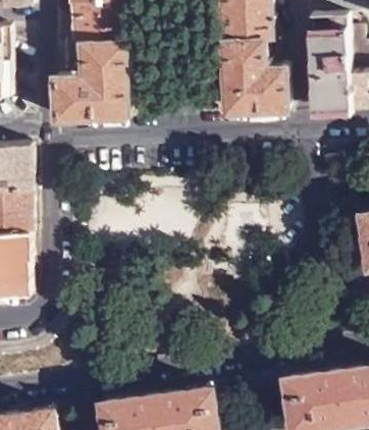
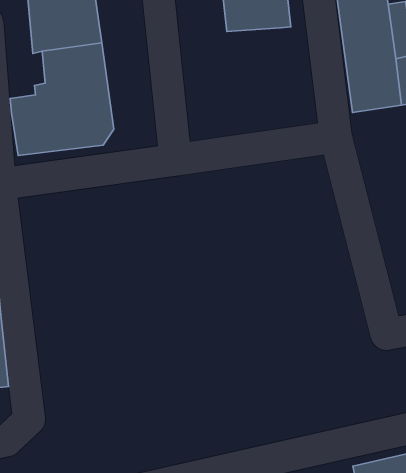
building: [220,41,285,113] -> none

